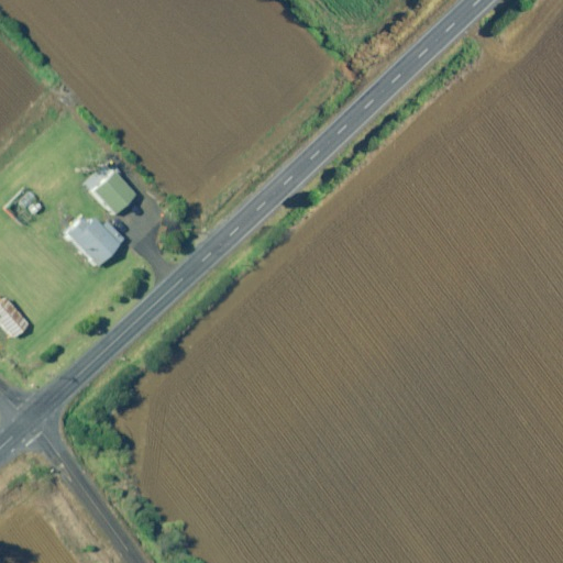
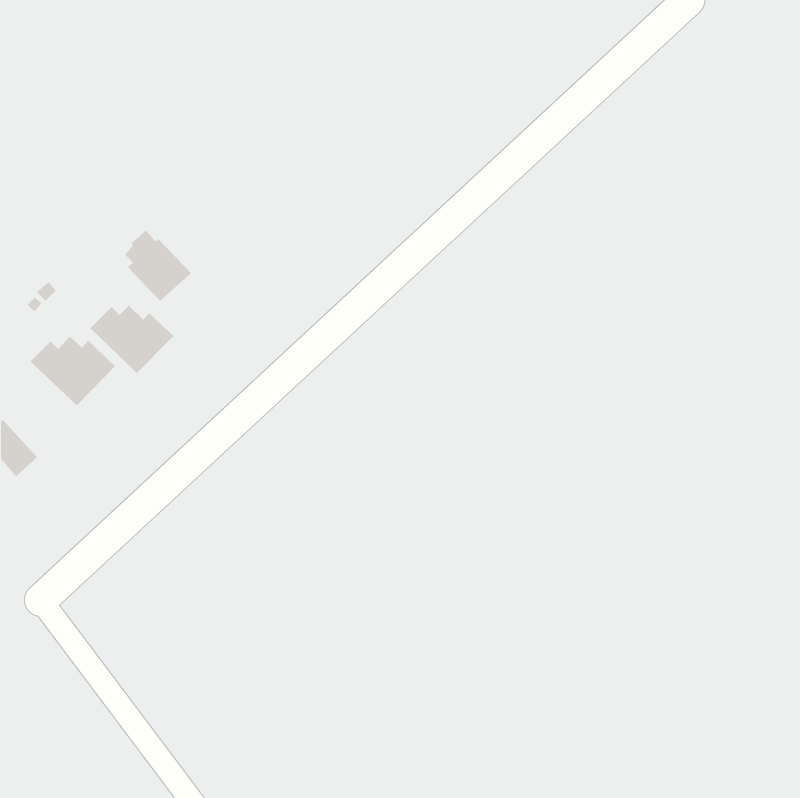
building: none -> [29,336,116,406]

